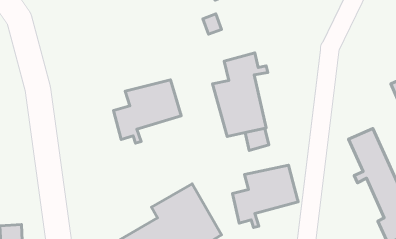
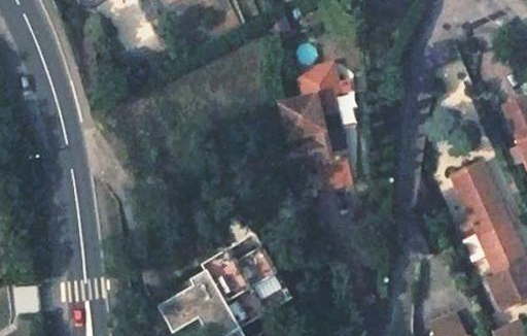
building: [113,80,181,143] -> none
building: [233,165,298,227] -> none

